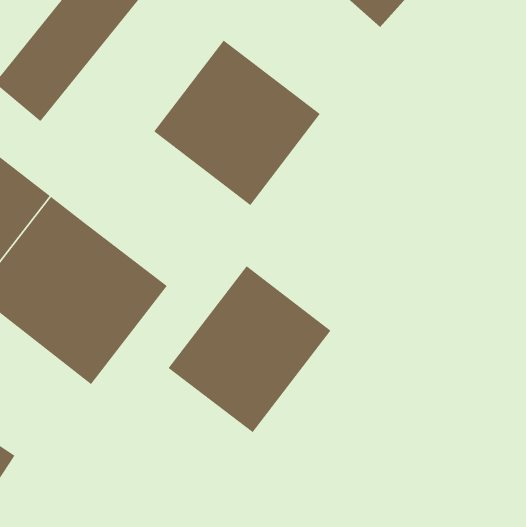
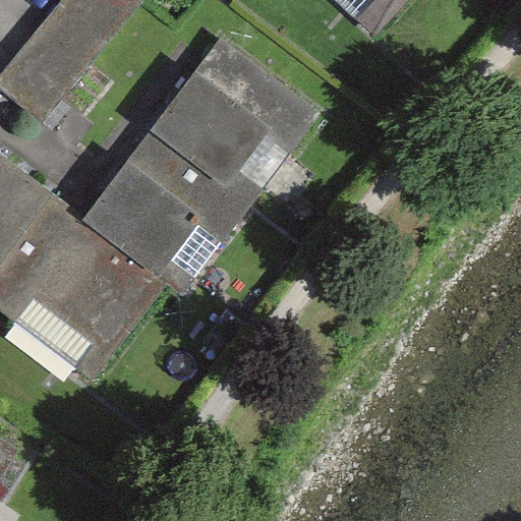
building: none -> [82,129,246,290]
building: [168,265,332,433] -> none

